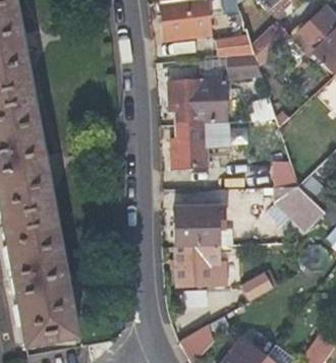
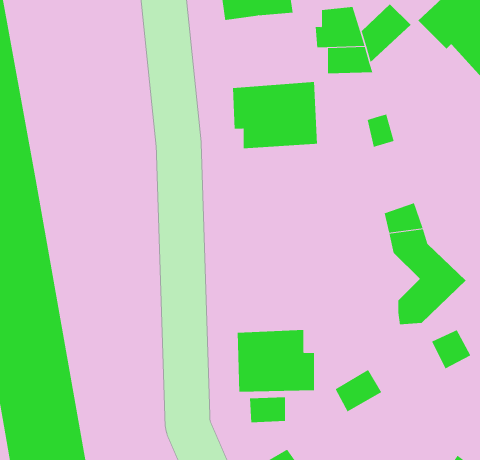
building: [173,121,226,167] -> none
building: [173,206,222,246] -> none

